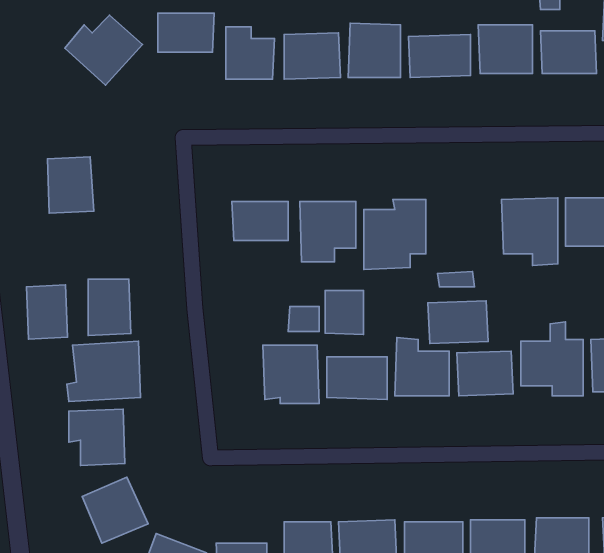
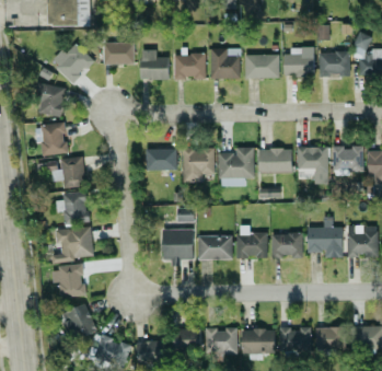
building: none -> [36,83,66,116]
building: [27,285,67,339] -> [61,156,84,187]
building: [325,291,364,335] -> none
building: [428,301,488,344] -> [258,148,292,172]

